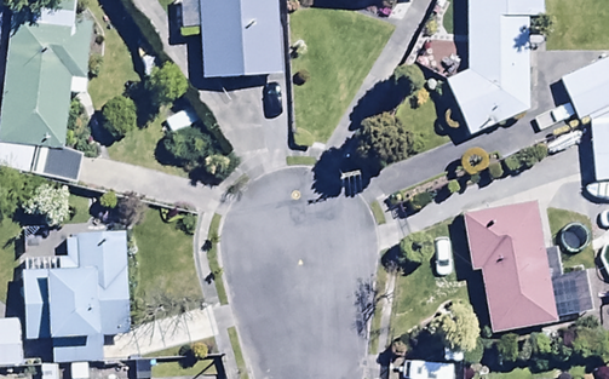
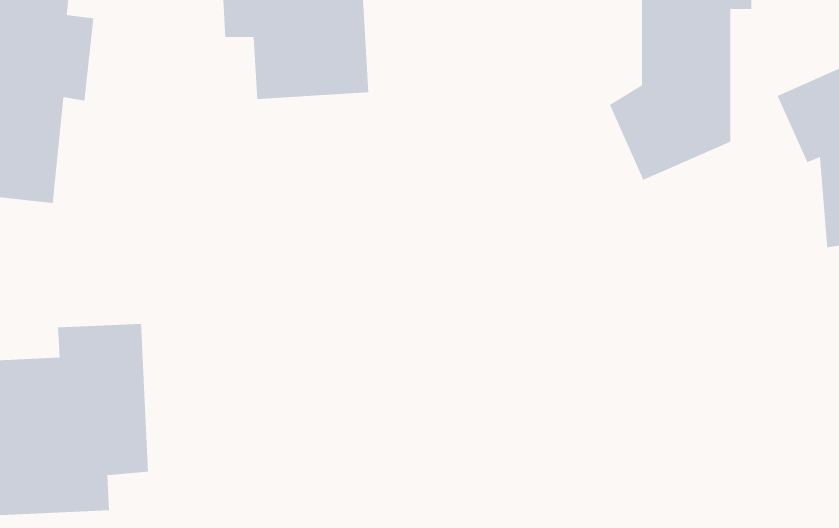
building: [463,195,559,333] -> none

